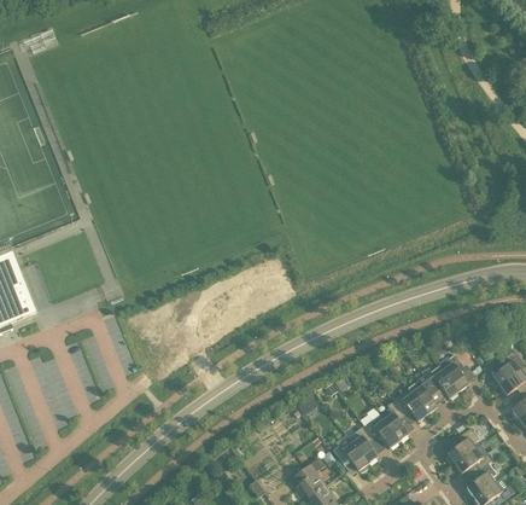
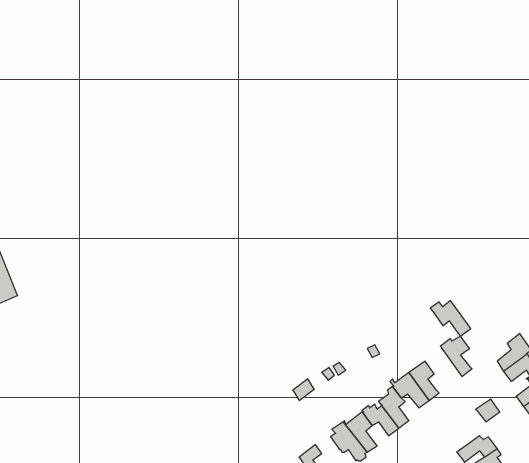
building: [419,365,457,399] -> [430,301,471,336]
building: [444,428,478,464] -> none

